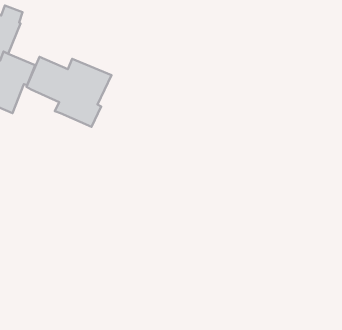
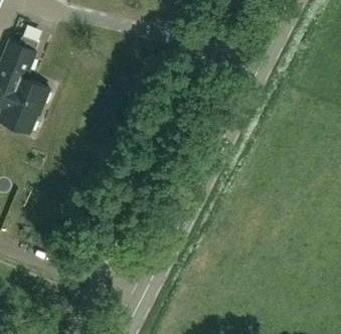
building: [26,57,111,127] -> none

